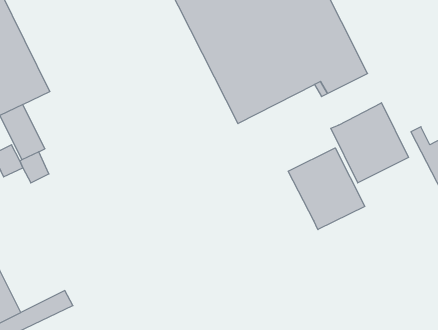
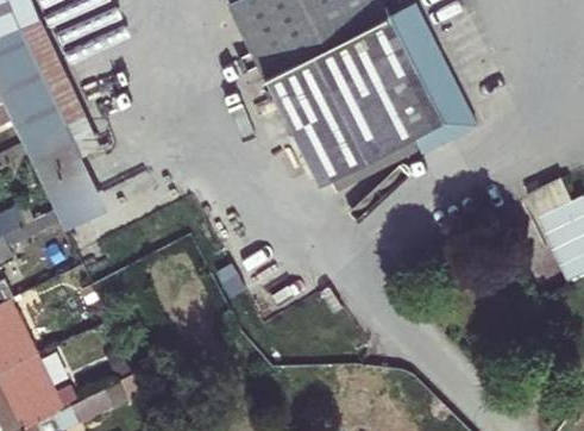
building: [331,103,408,183] -> none
building: [288,148,365,230] -> none

